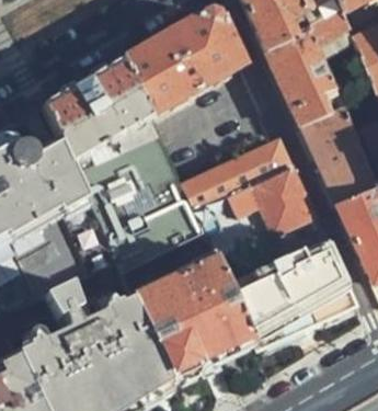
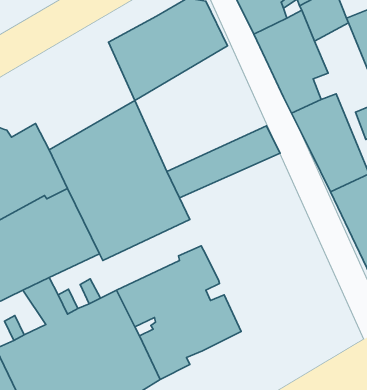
building: [41,56,150,159] -> none
building: [193,162,313,255] -> none
building: [230,240,357,345] -> none

